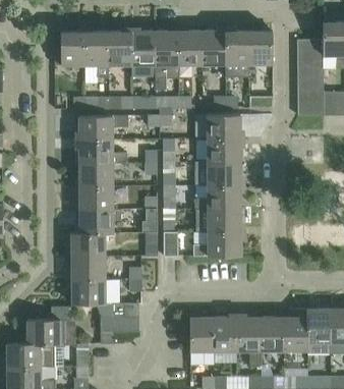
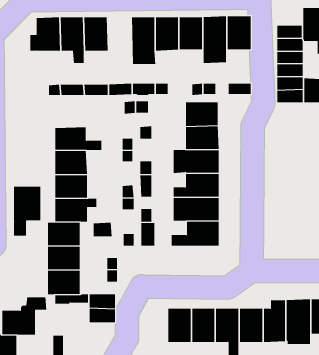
building: [131,32,156,78] -> none
building: [79,116,128,141] -> none
building: none -> [14,186,41,236]

